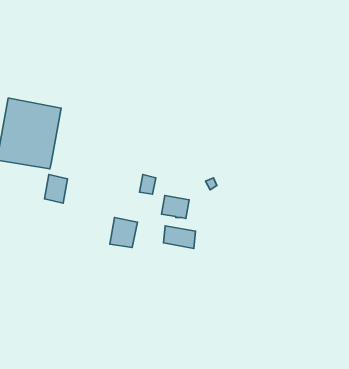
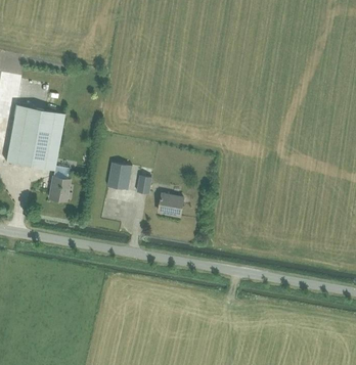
building: [110,218,138,247] -> [107,163,133,190]
building: [163,226,196,248] -> none

